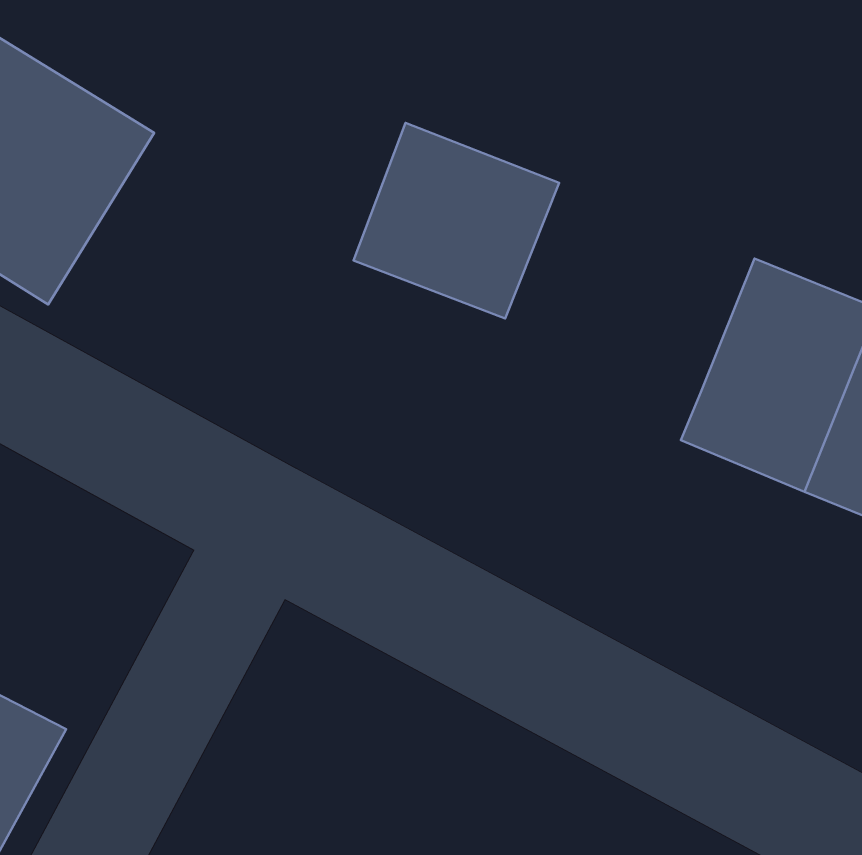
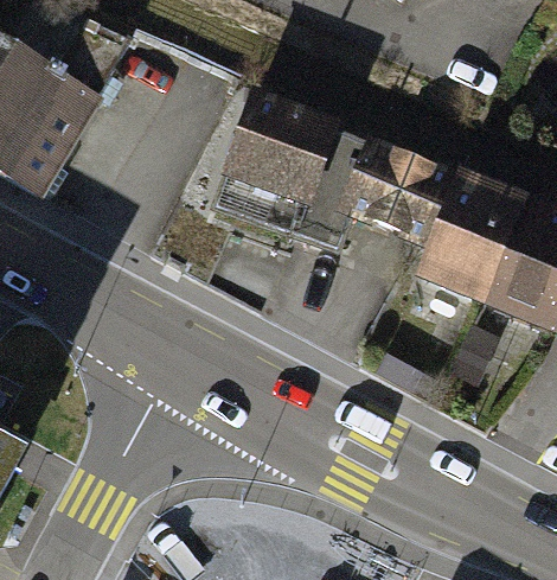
building: none -> [329,133,457,251]

